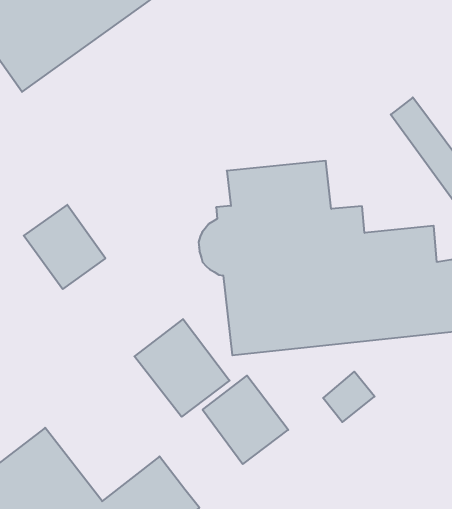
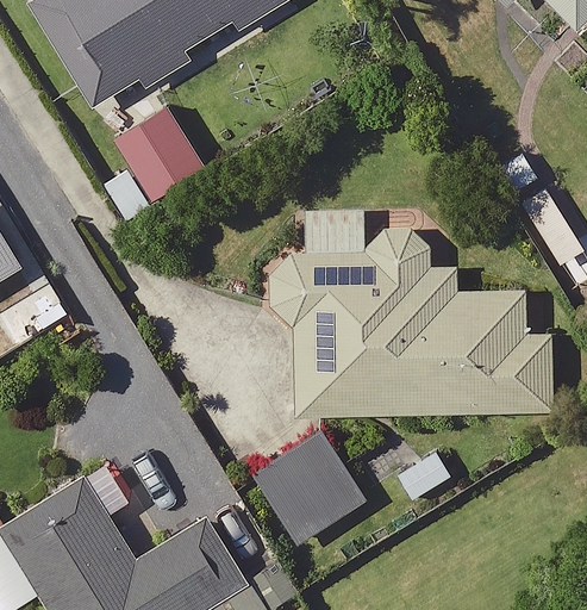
building: [24,205,105,289] -> [120,111,208,204]
building: [134,319,230,417] -> none

